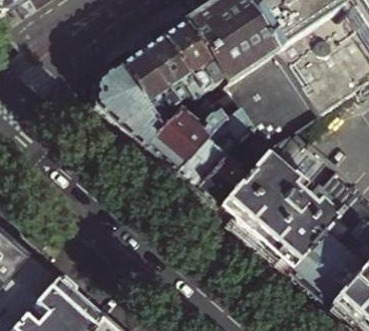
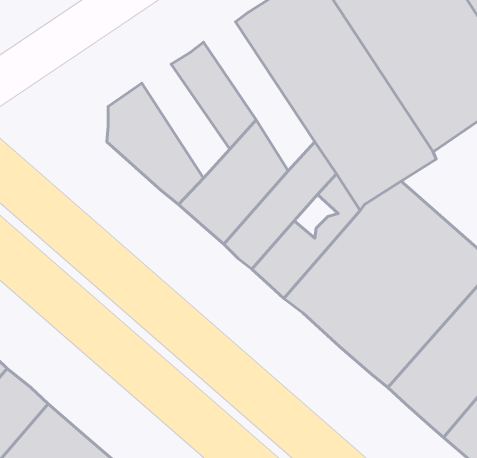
building: [163,21,240,123] -> none
building: [121,50,181,128] -> none

